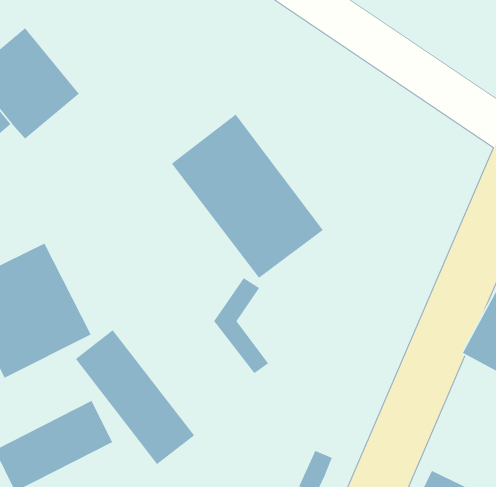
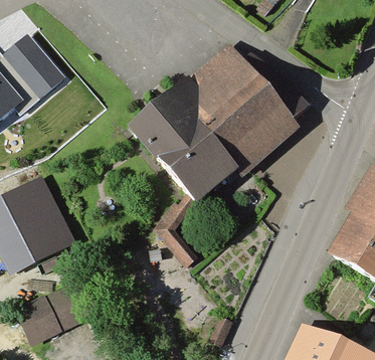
building: none -> [176,51,289,169]
building: [75,329,195,465] -> none

